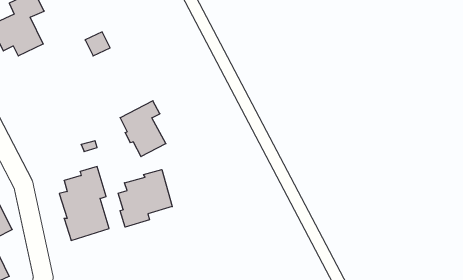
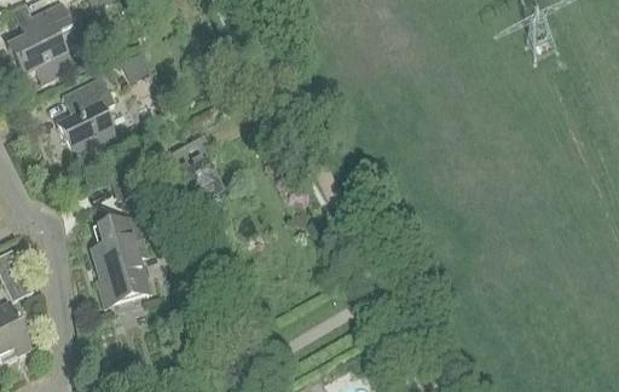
building: none -> [56,74,114,152]
building: [118,170,172,227] -> none

